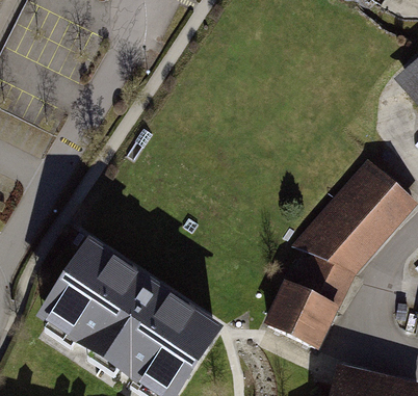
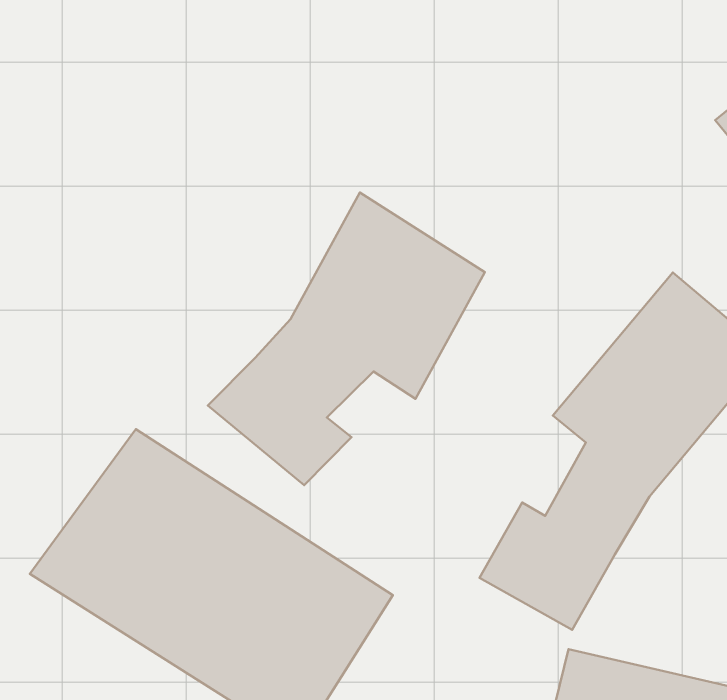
building: none -> [208,192,485,485]

